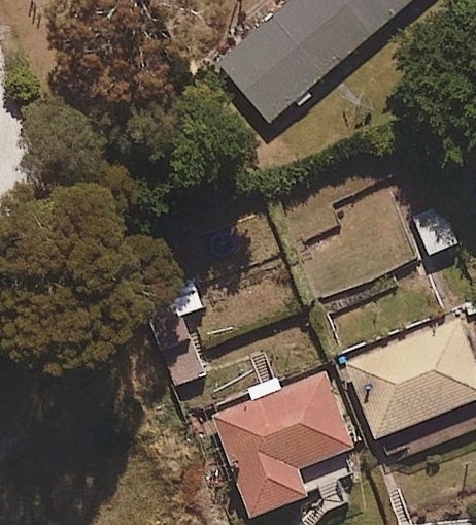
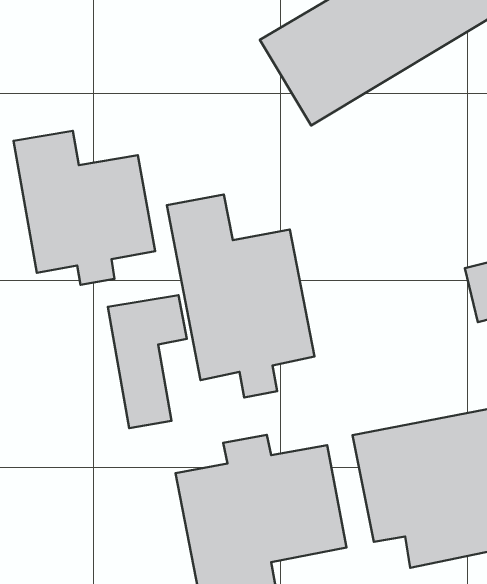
building: none -> [14,131,155,285]
building: none -> [167,194,315,398]

